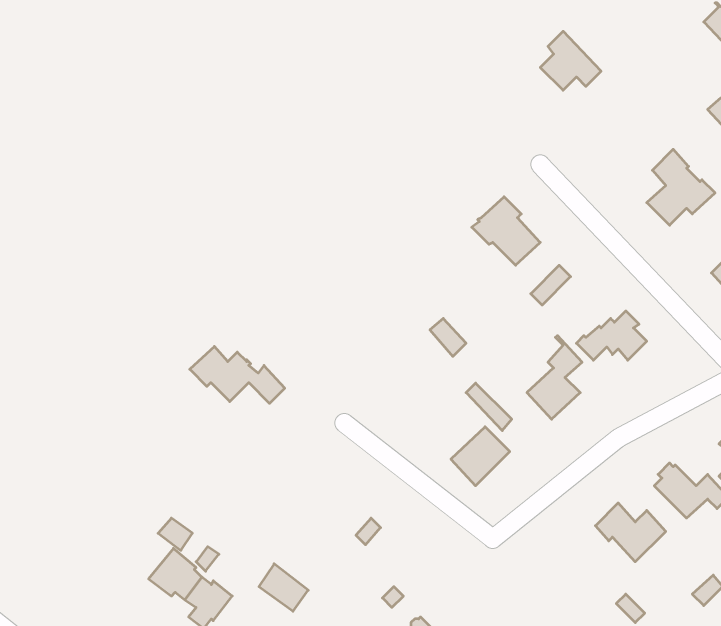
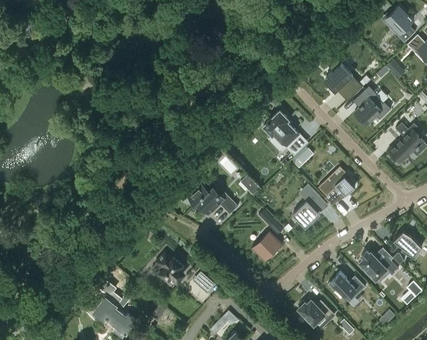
building: [540,31,601,90] -> [325,60,357,91]
building: [190,346,285,403] -> [188,185,238,215]
building: none -> [157,253,187,282]
building: none -> [297,300,333,326]

